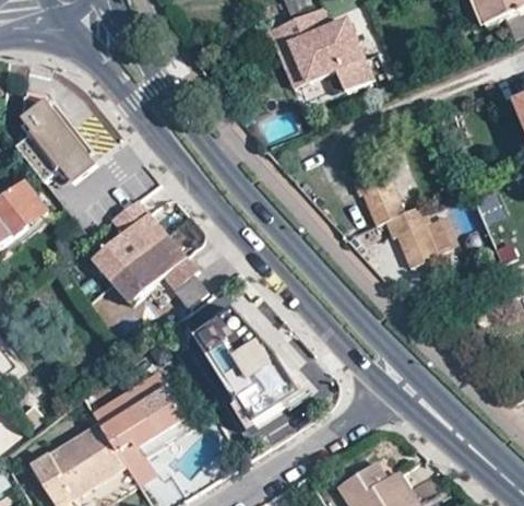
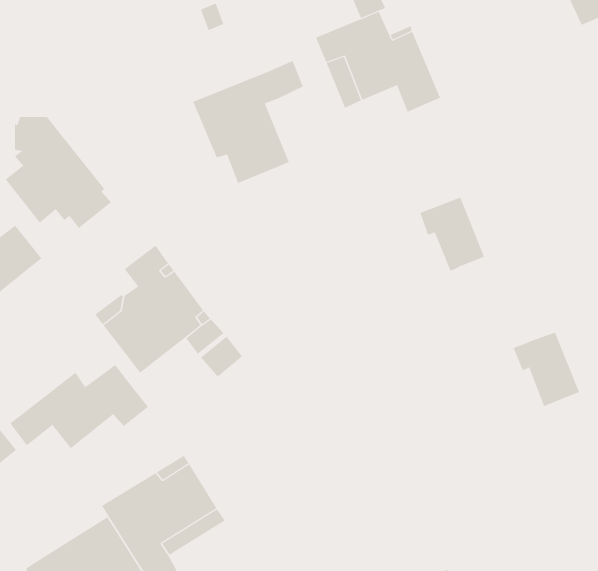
building: none -> [192,60,304,184]
building: [384,205,439,267] -> [513,332,580,407]
building: none -> [10,364,149,449]
building: [193,302,302,423] -> none

